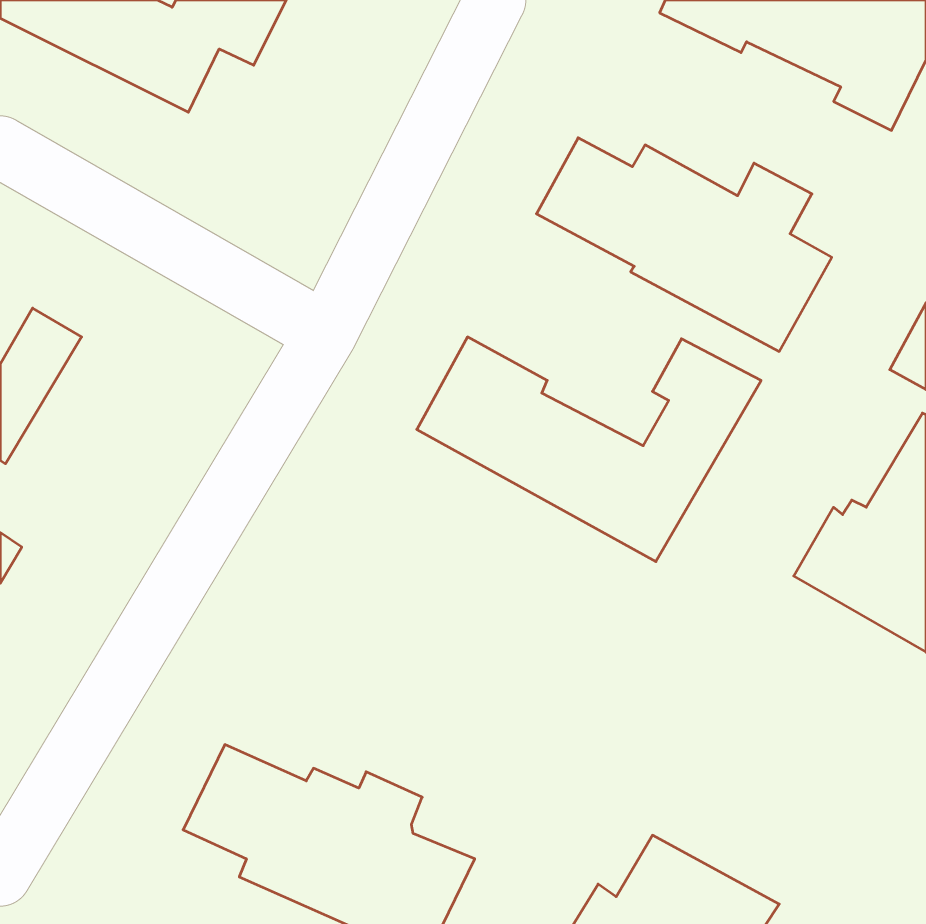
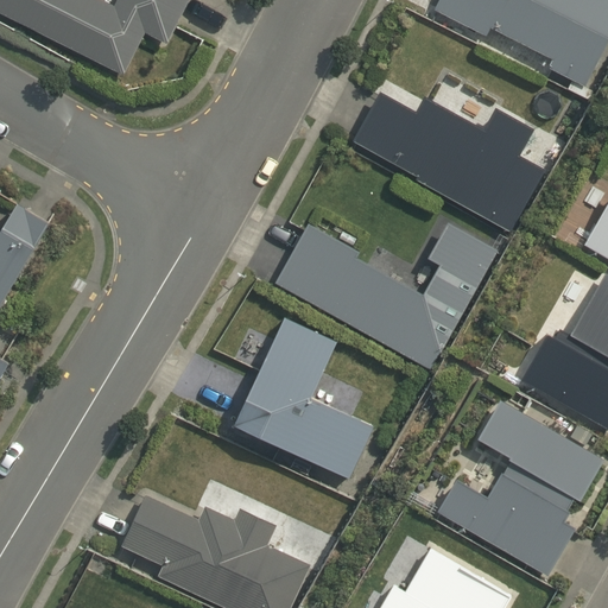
building: none -> [232,317,374,477]
building: none -> [436,400,602,574]

